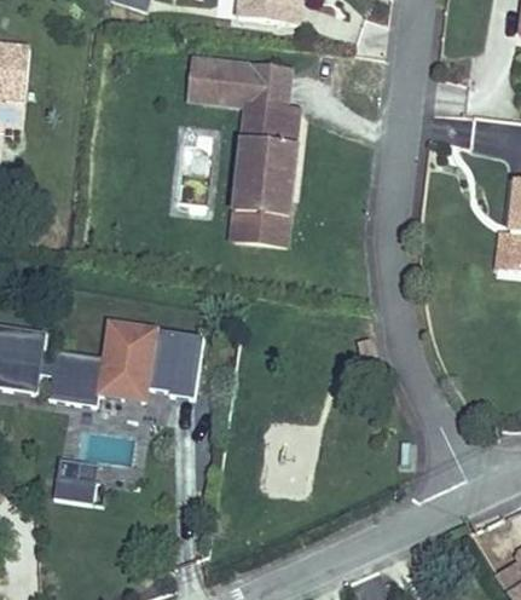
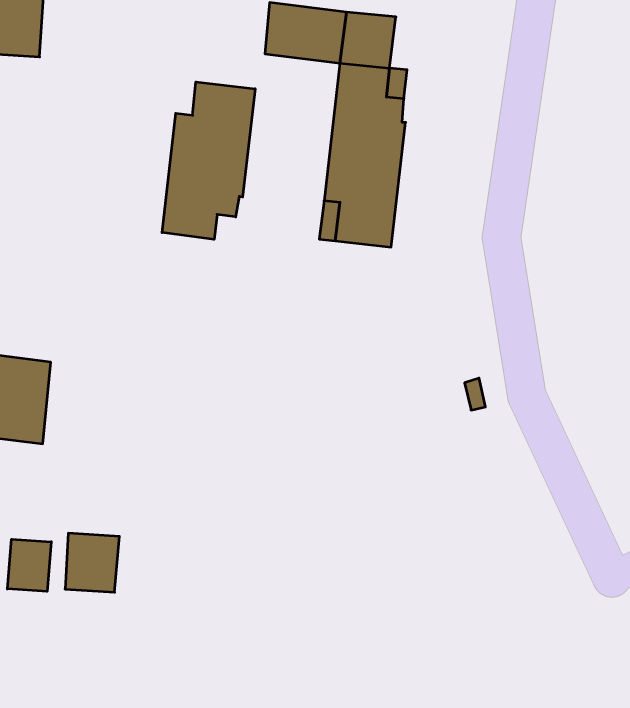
building: none -> [162,82,255,239]
building: [44,317,198,400] -> none
building: none -> [7,539,51,591]

